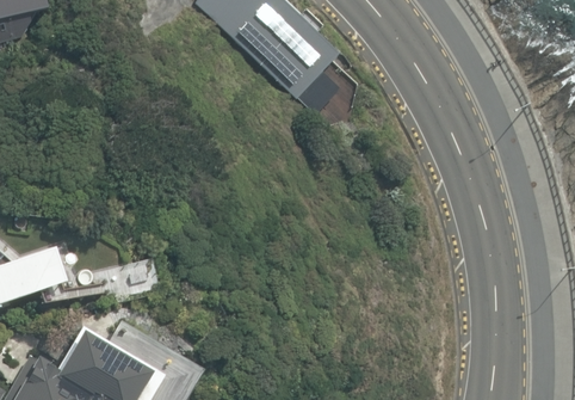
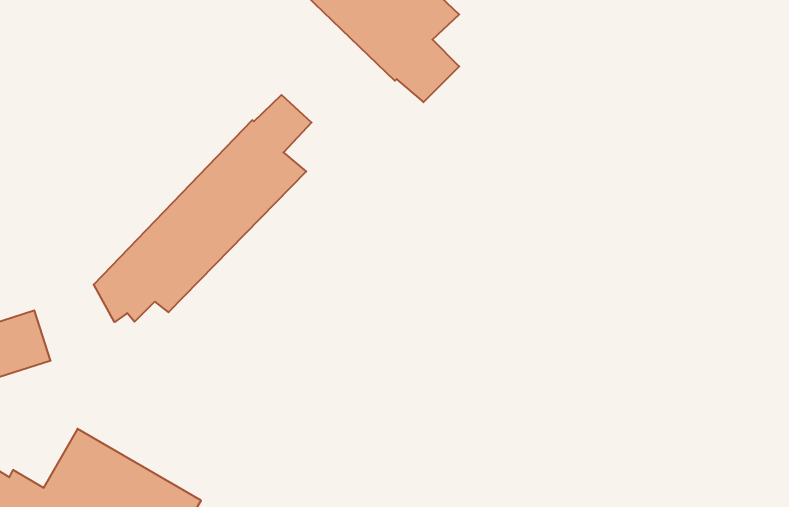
building: none -> [94,95,312,322]

